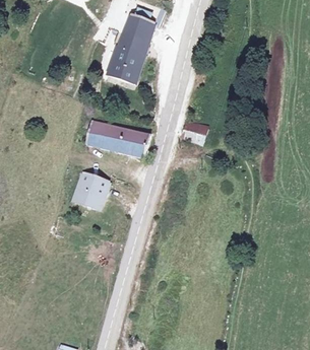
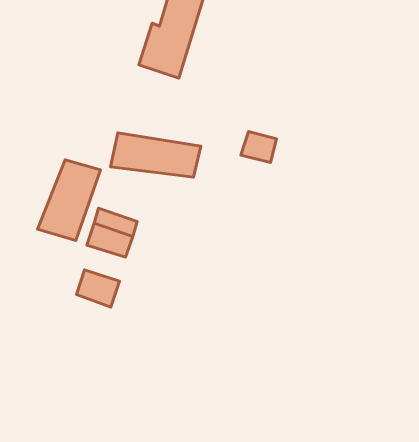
building: none -> [38,160,100,241]
building: none -> [77,270,120,307]

